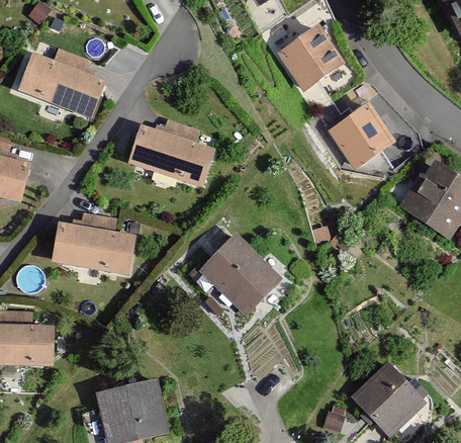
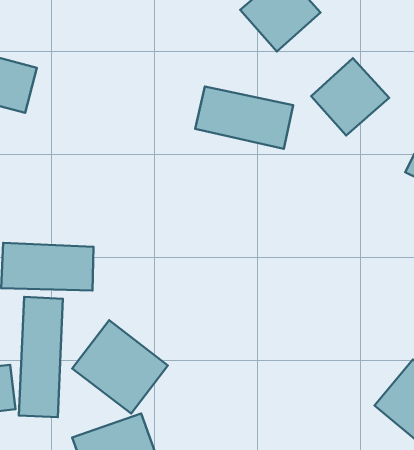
building: [129,125,213,185] -> [195,86,293,149]
building: [201,234,281,314] -> [72,320,168,414]
building: none -> [19,297,63,417]

